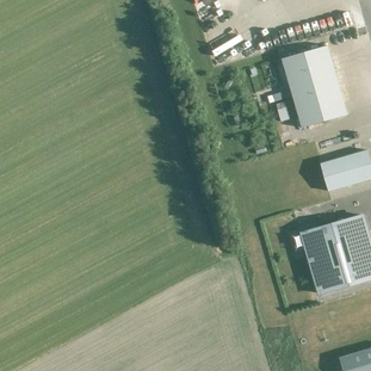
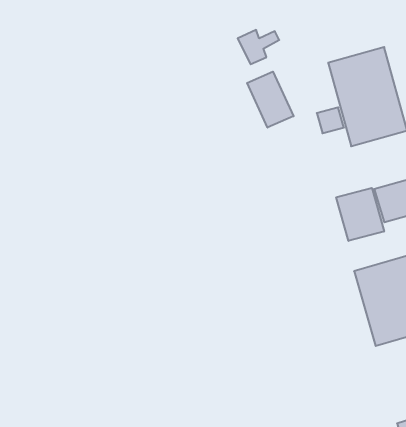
building: none -> [247,72,294,128]
building: none -> [336,188,384,241]

